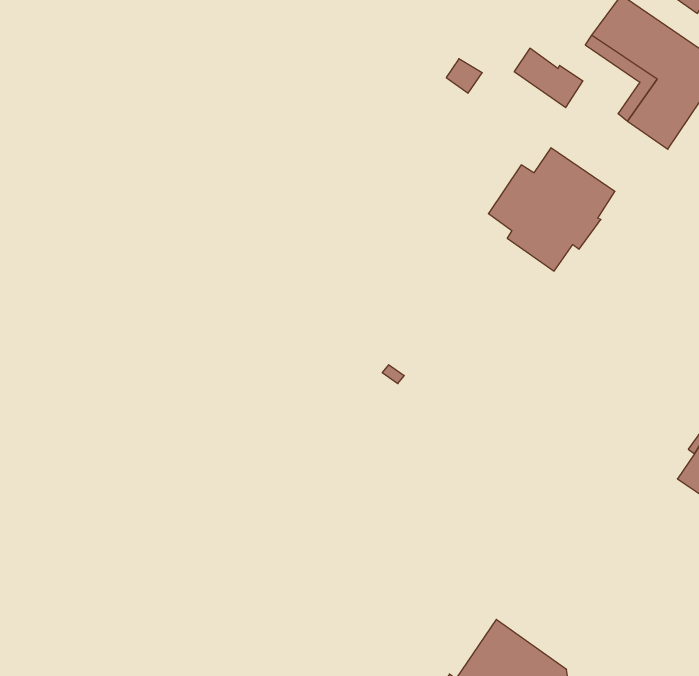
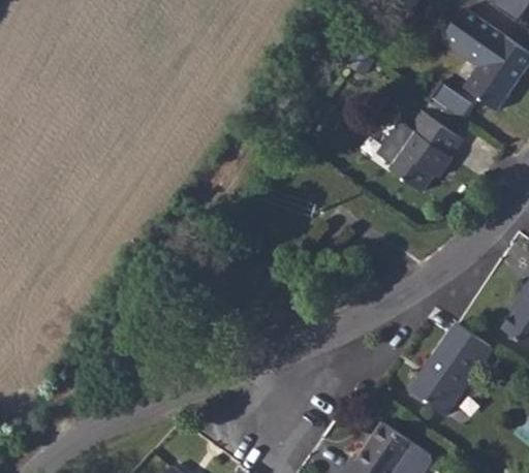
building: [514,48,583,108] -> [430,81,475,120]
building: none -> [409,322,492,415]

